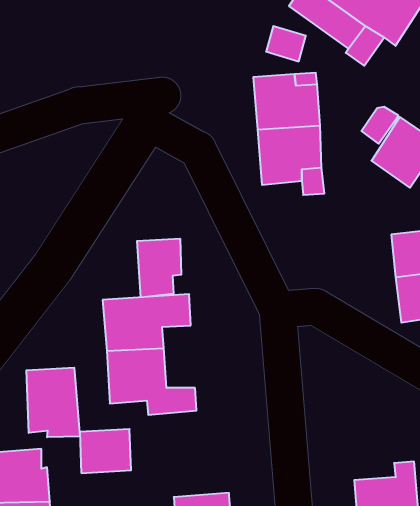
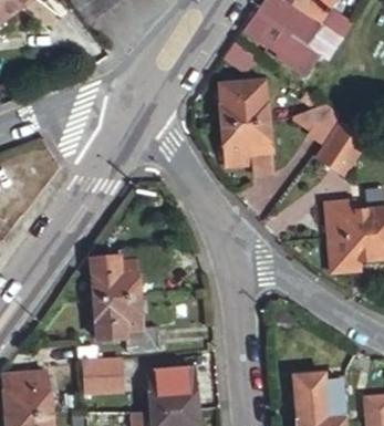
building: [137,239,181,297] -> none
building: [26,368,80,437] -> none
building: none -> [152,367,197,411]

